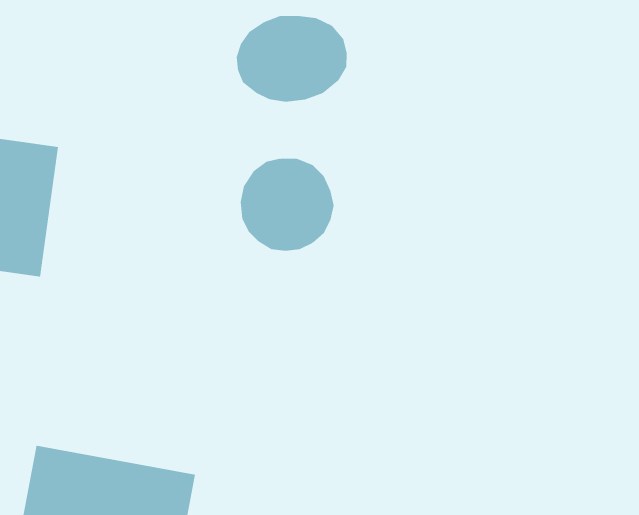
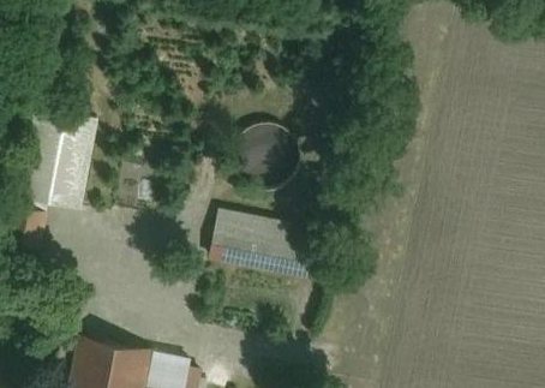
building: [236,15,347,103] -> none
building: none -> [205,209,324,279]

